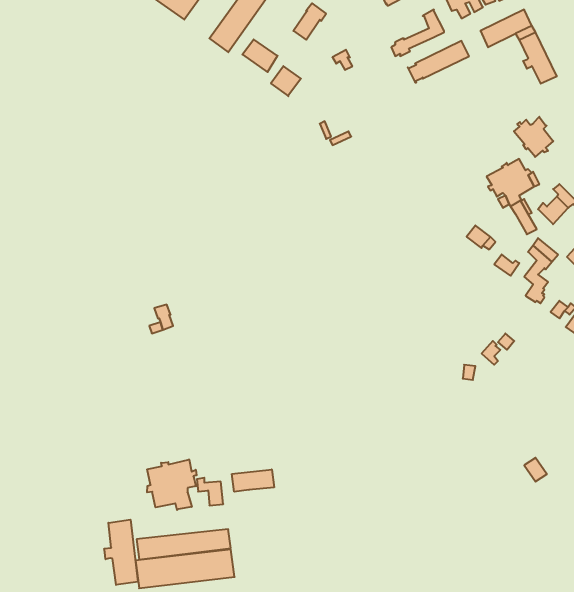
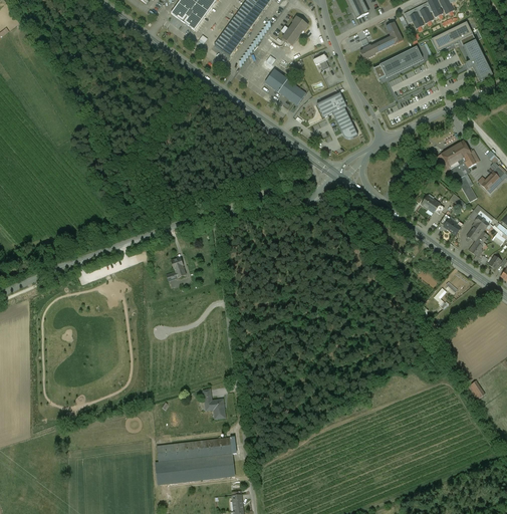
building: [242,39,278,72] -> [277,78,305,104]
building: none -> [315,92,356,139]
building: [514,117,553,157] -> none
building: [147,459,197,510] -> none
building: [232,469,274,492] -> none
building: [104,520,138,585] -> none

